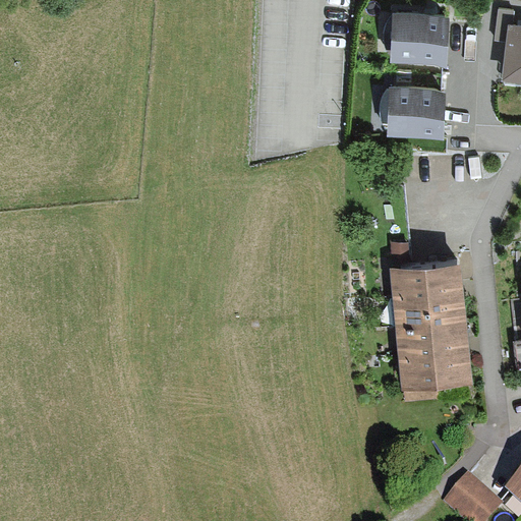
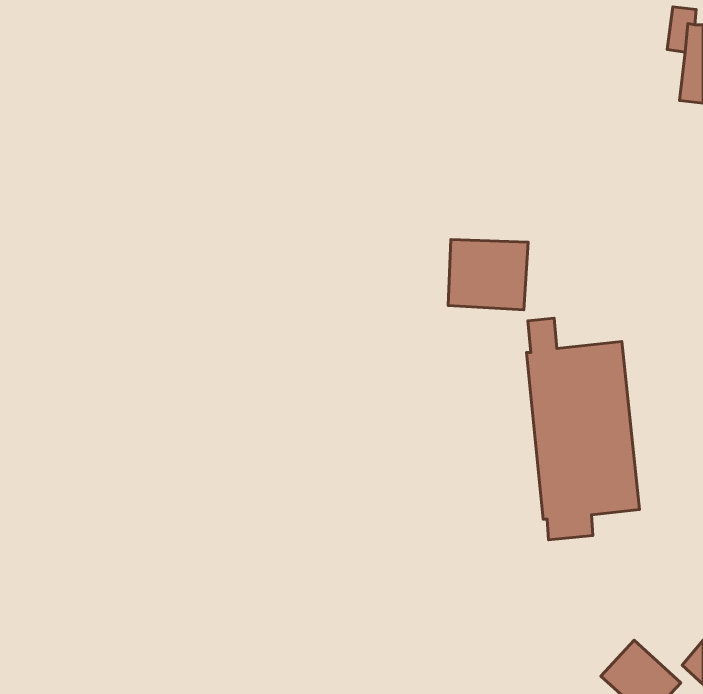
building: [391,12,449,64] -> none
building: [387,86,446,138] -> [448,239,528,310]

